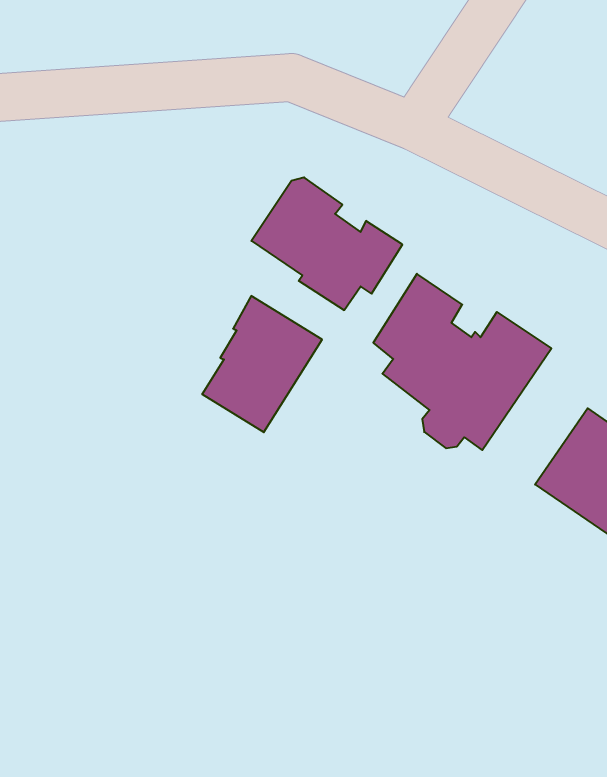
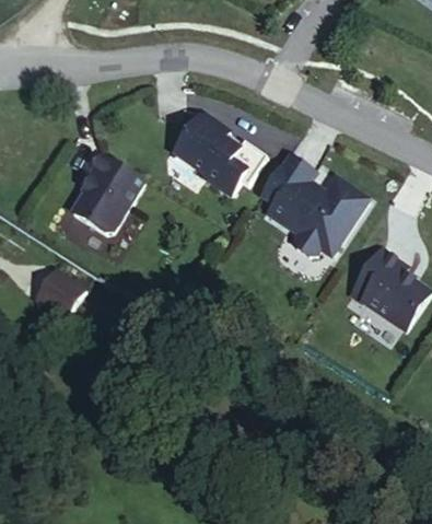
building: [202,296,322,432] -> [72,153,144,235]
building: none -> [39,270,85,310]

